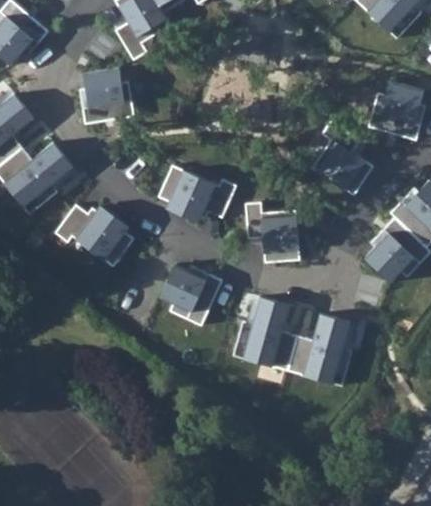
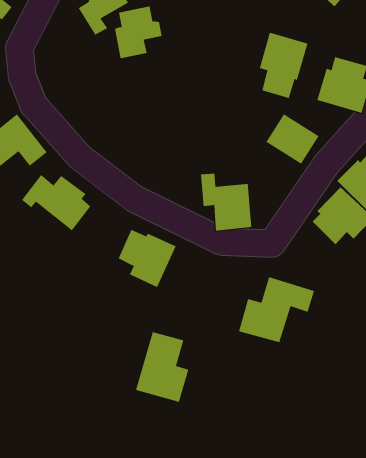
building: none -> [259,32,308,99]
building: [81,67,132,123] -> [114,6,163,59]
building: [159,166,237,222] -> none
building: [239,296,296,371] -> [135,332,189,403]

